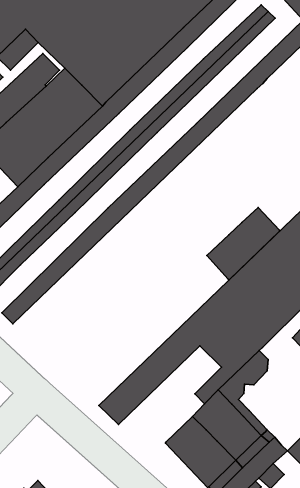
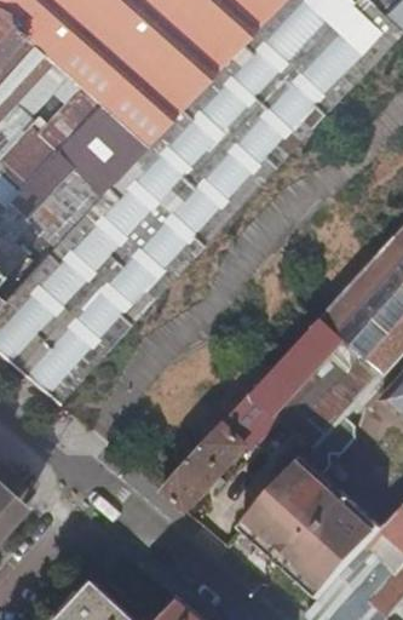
building: [207,208,280,280] -> none

